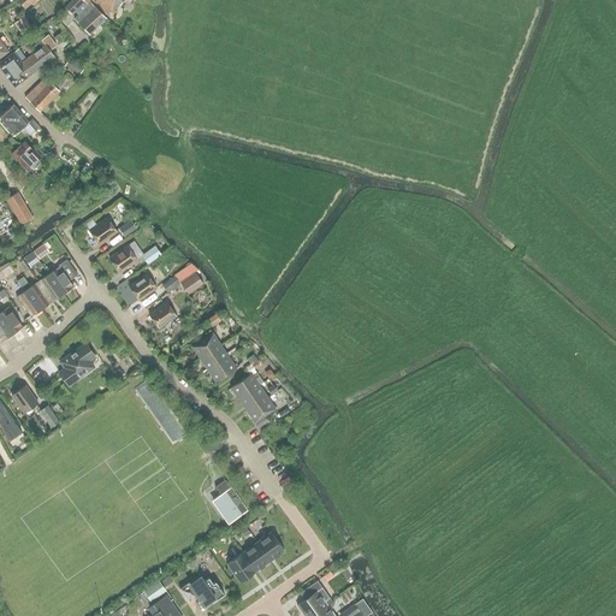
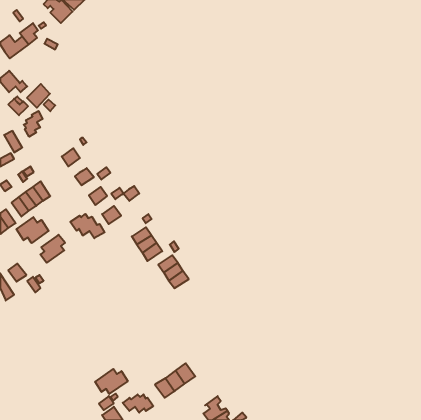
building: [25,76,59,111] -> [27,84,50,108]
building: none -> [24,111,43,137]
building: none -> [70,214,105,238]
building: none -> [16,217,49,243]
building: [214,481,248,526] -> none
building: none -> [95,369,128,394]

